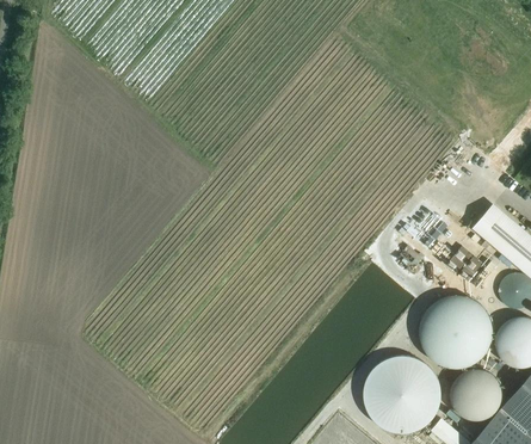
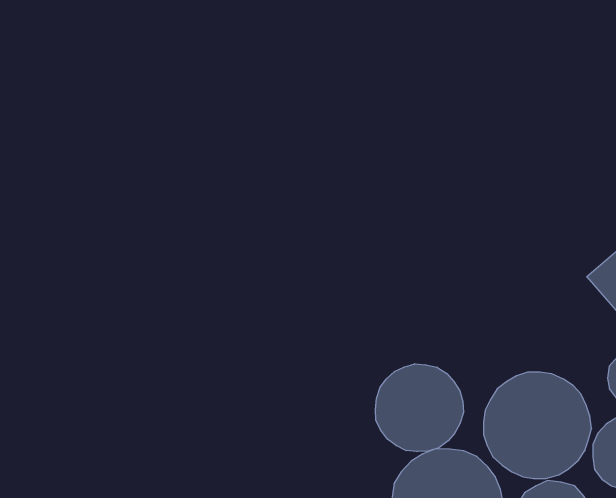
building: none -> [375,364,463,452]

